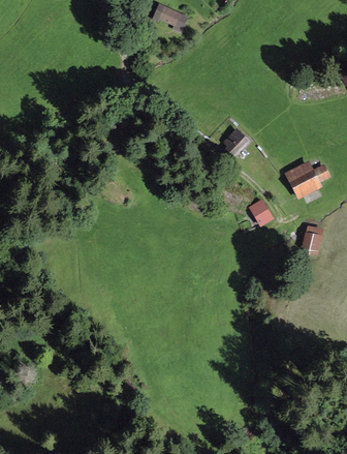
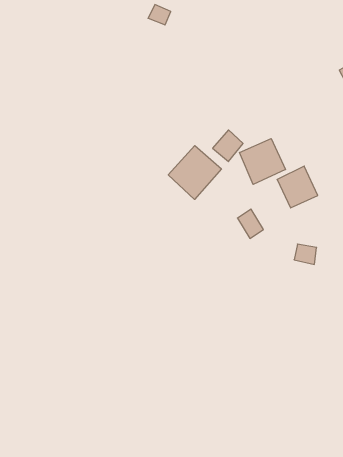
building: none -> [240,139,285,184]
building: none -> [168,146,221,199]

